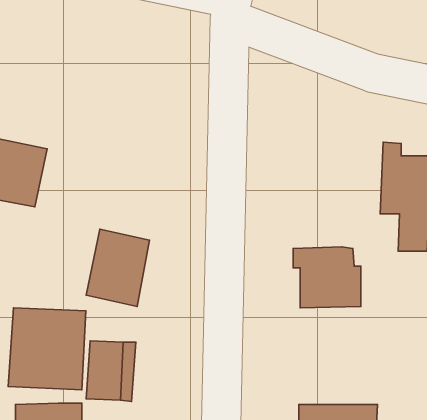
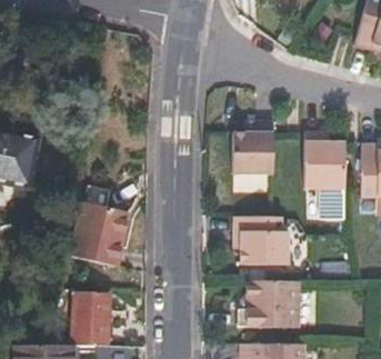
building: none -> [235,122,277,177]
building: [8,308,86,390] -> none
building: none -> [239,281,298,327]

